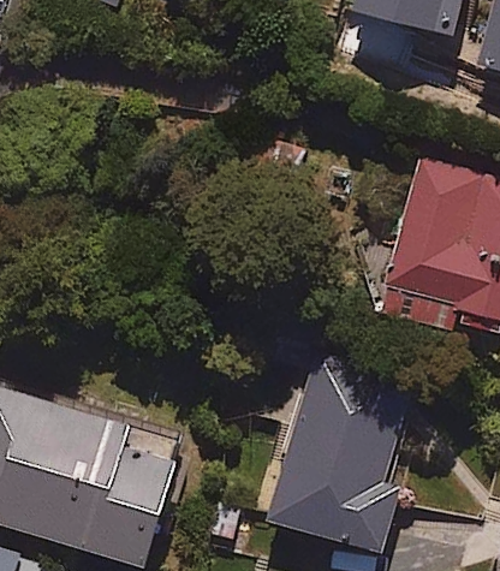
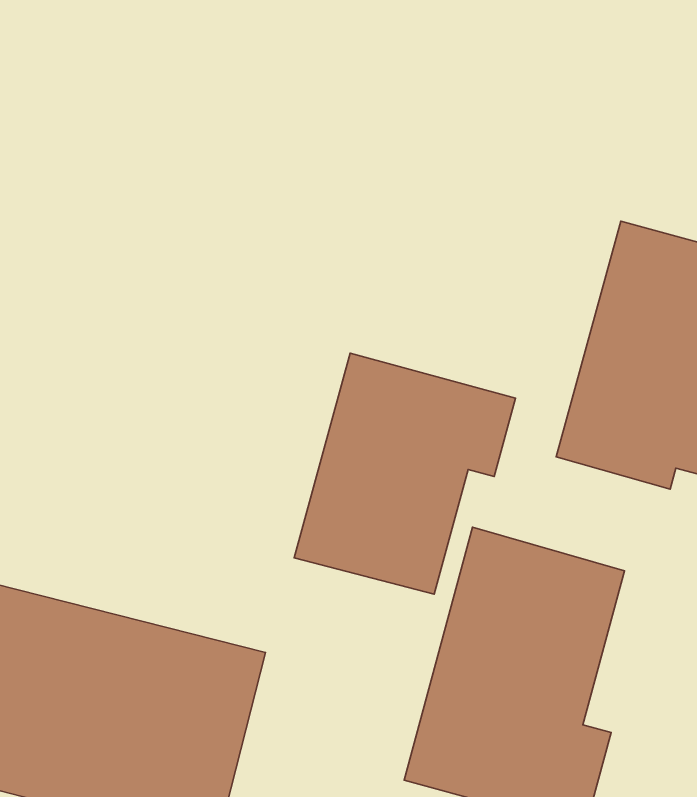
building: none -> [294,353,515,594]

